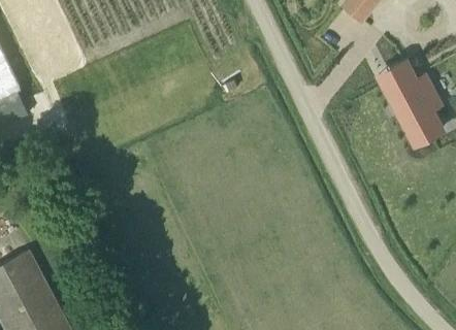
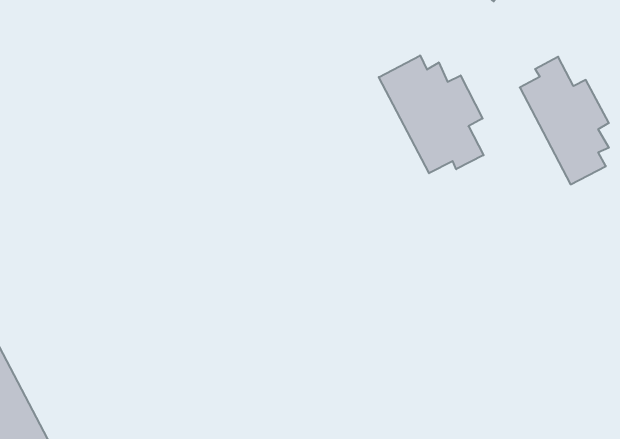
building: none -> [379,55,484,173]

